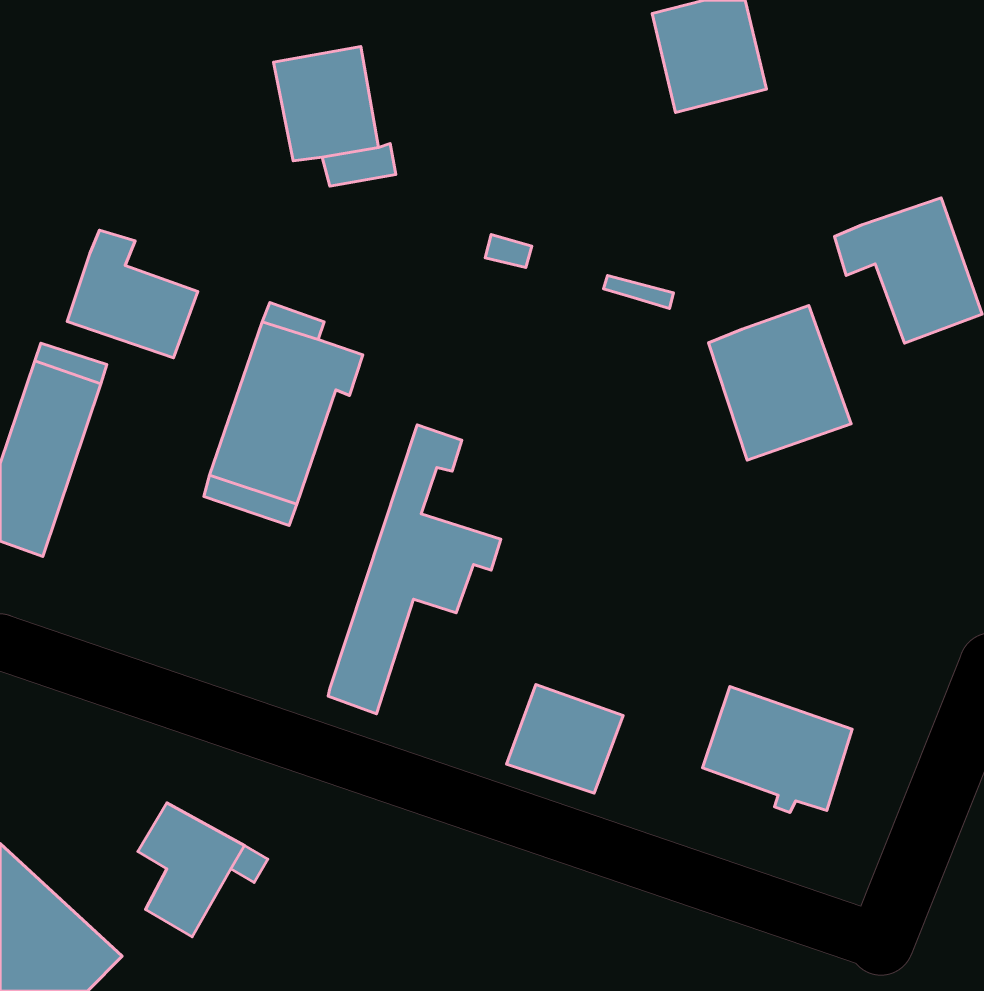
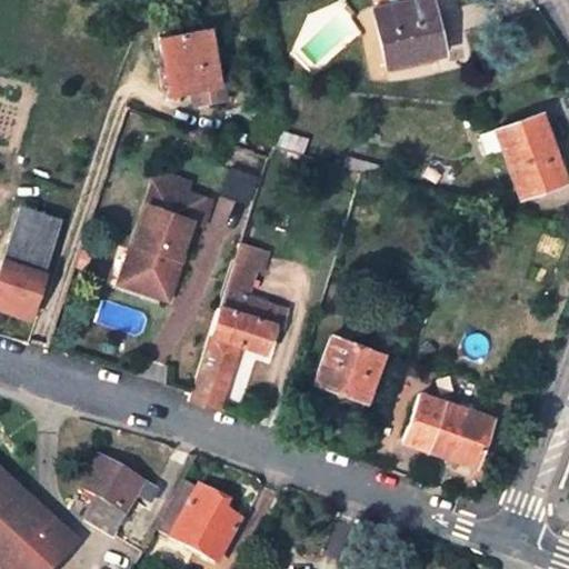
building: [67,230,198,358] -> none
building: [708,306,851,460] -> none
building: [507,685,623,793] -> [318,336,385,398]
building: none -> [160,481,241,561]

